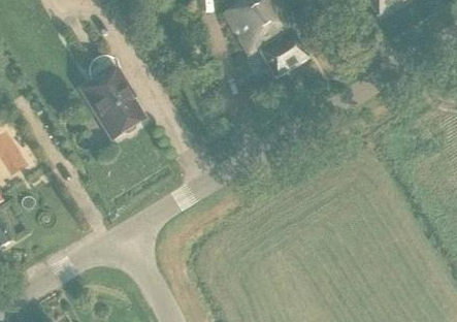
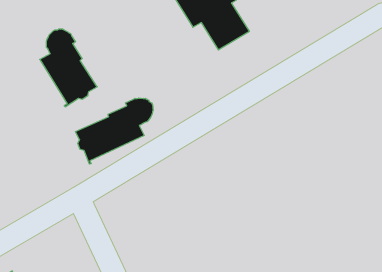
building: none -> [76,98,153,164]

